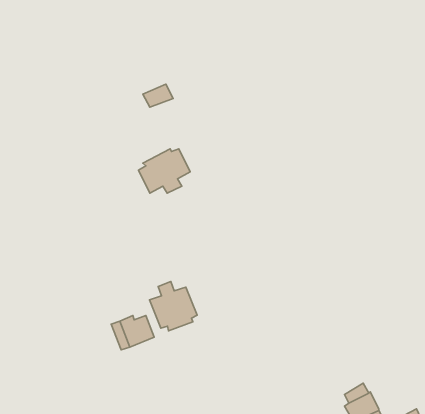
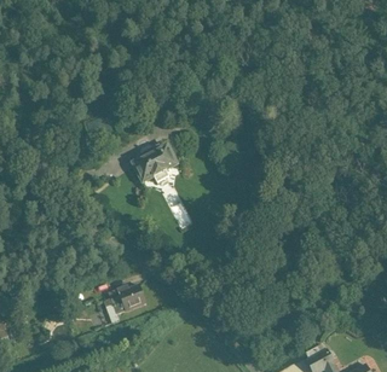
building: [150,282,197,331] -> none

